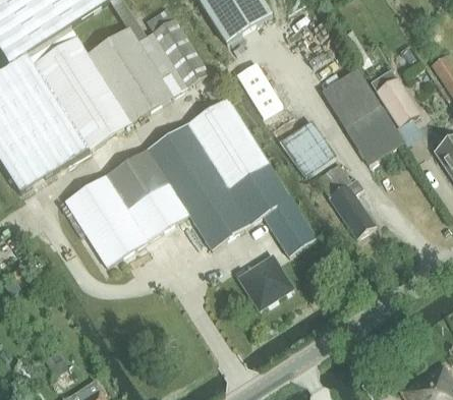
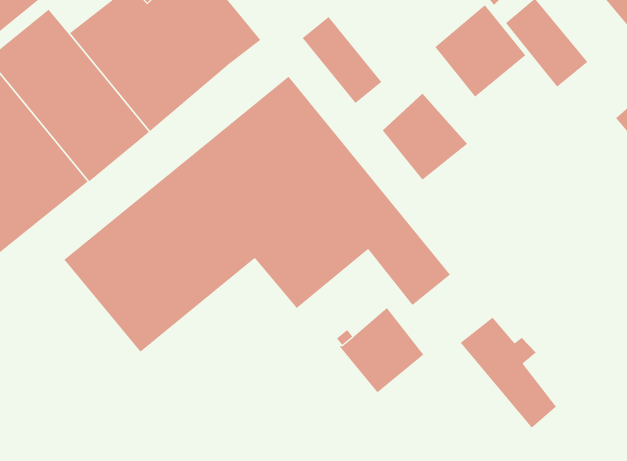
building: [344,103,405,164] -> none
building: [316,164,374,239] -> [460,317,557,429]

